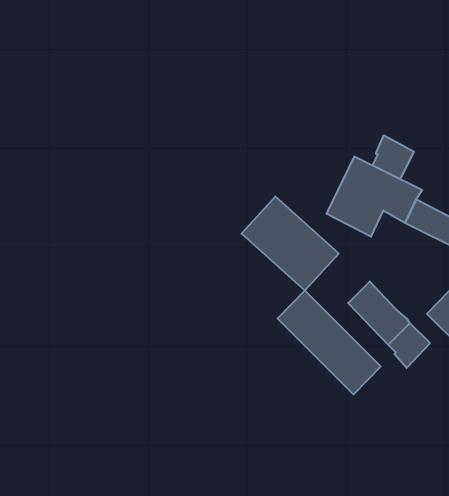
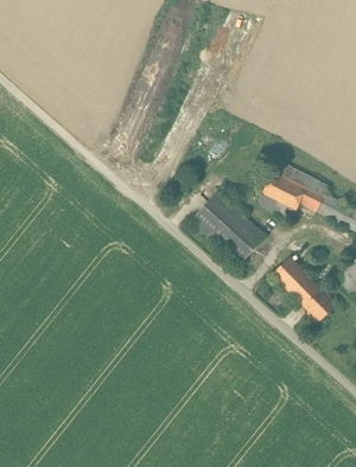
building: [373,135,414,179] -> none
building: [277,291,381,394] -> none

